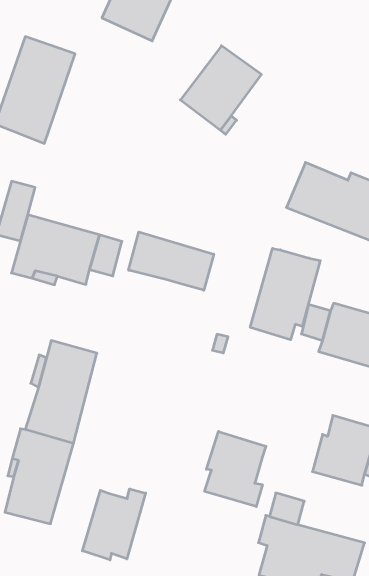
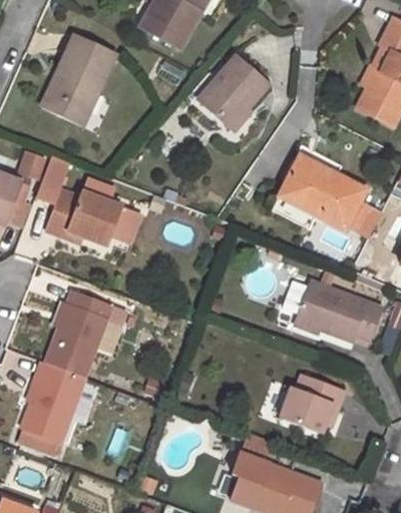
building: [129,232,214,290] -> none
building: [250,248,320,340] -> none
building: [205,431,266,507] -> none
building: [82,489,146,560] -> none

